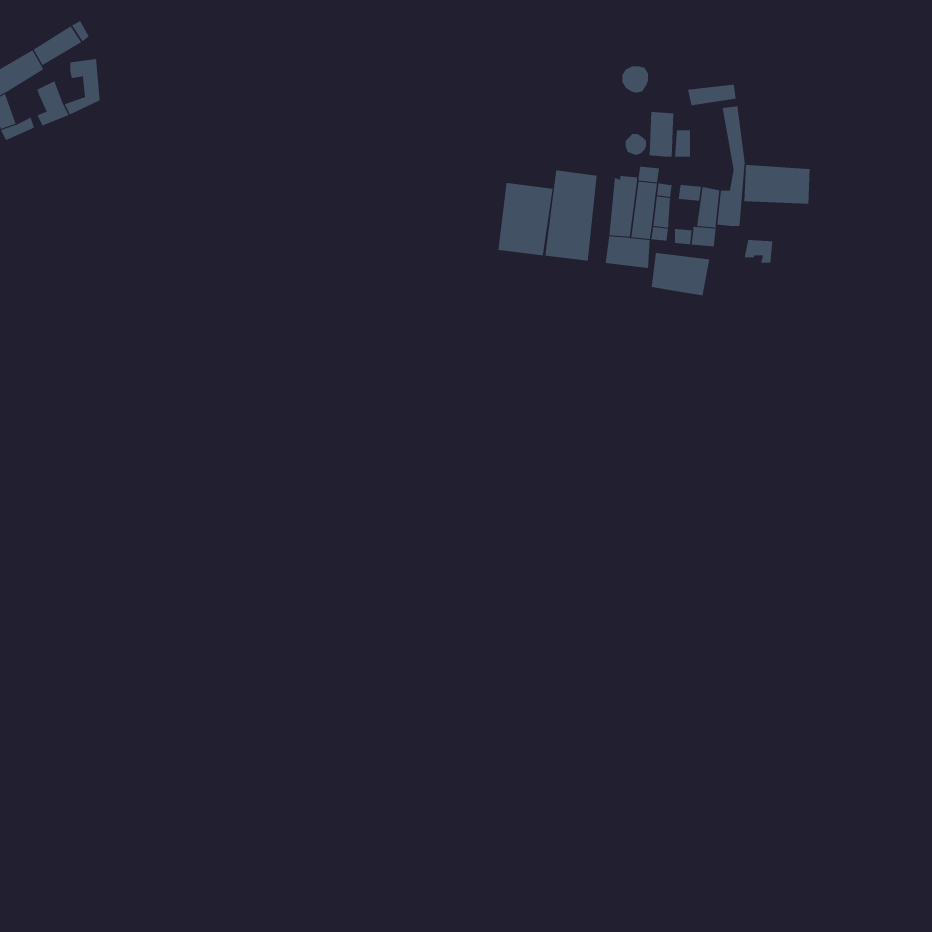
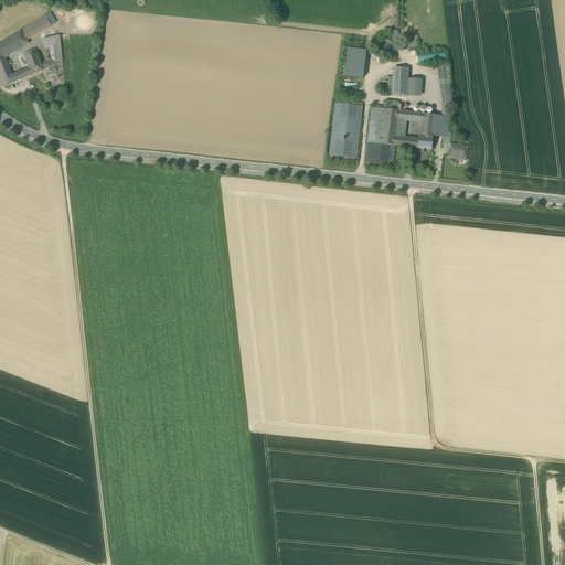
building: none -> [344,47,365,77]
building: [744,164,810,205] -> none
building: [498,182,553,256] -> none
building: [651,252,710,296] -> none

